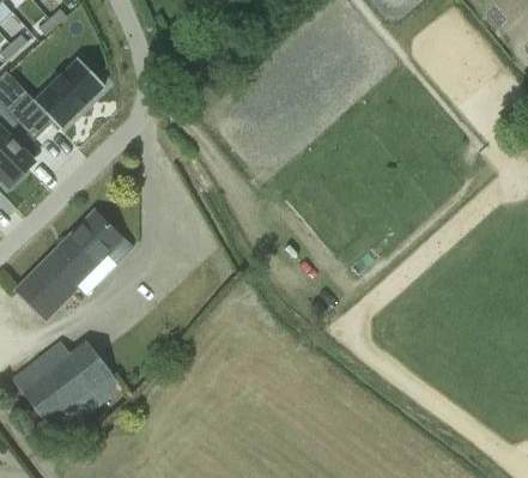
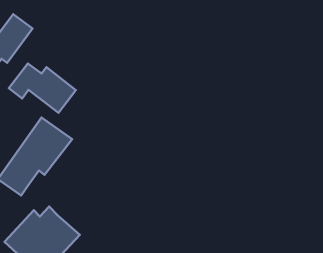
building: none -> [9,63,76,113]

